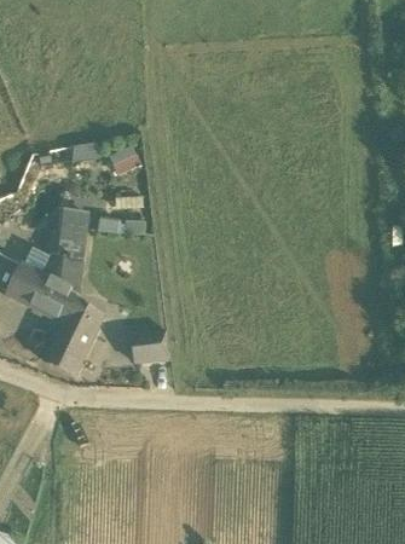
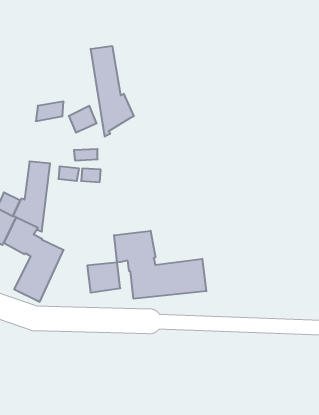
building: none -> [91,46,134,137]
building: none -> [114,231,206,299]

